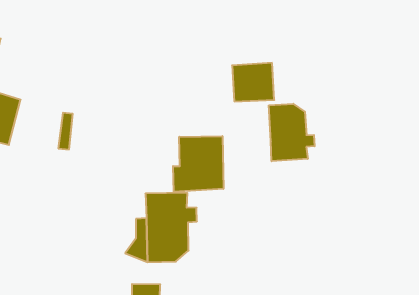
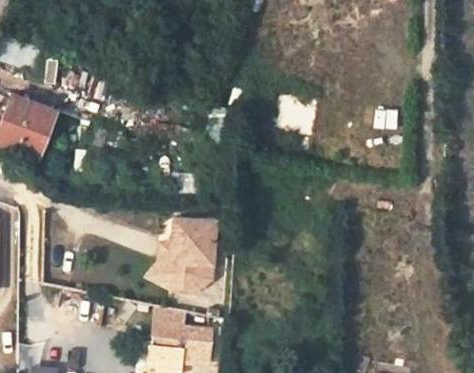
building: [269,104,315,161] -> none
building: [173,136,223,192] -> none

